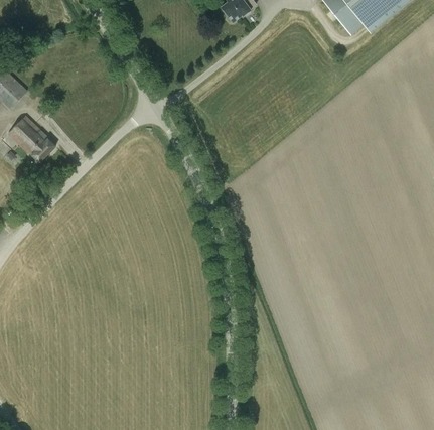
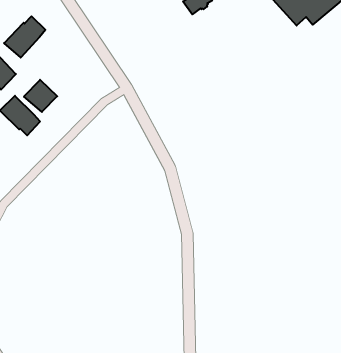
building: none -> [4,16,45,58]
building: none -> [24,80,57,112]

